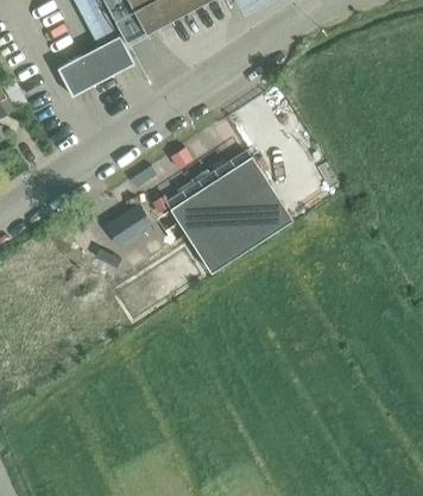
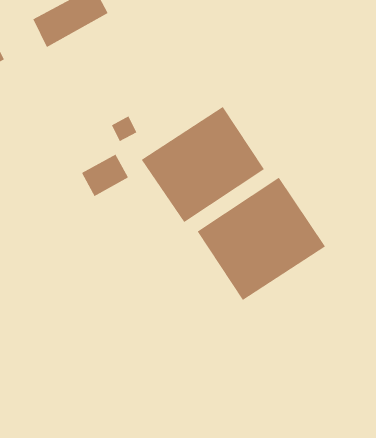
building: none -> [197,177,326,301]

